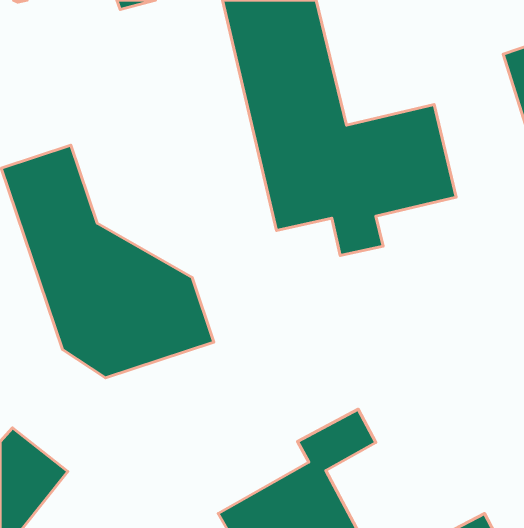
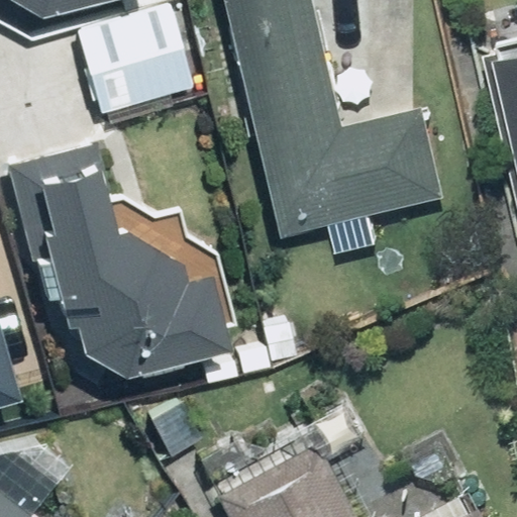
building: none -> [80,12,194,111]

